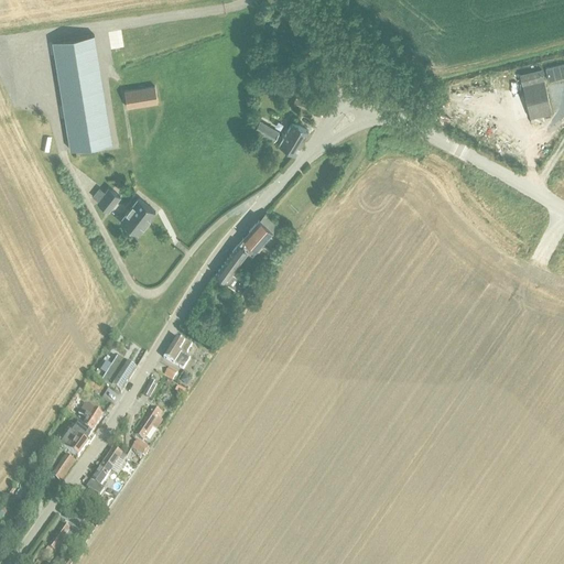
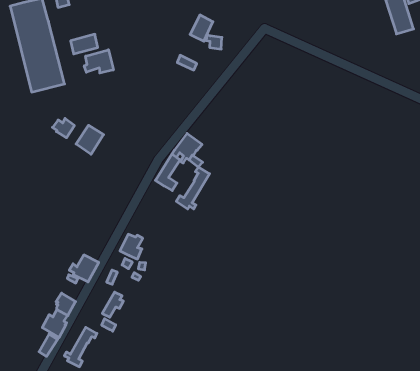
building: none -> [84,50,113,73]
building: [278,121,307,154] -> [190,15,213,41]
building: none -> [176,167,210,209]

